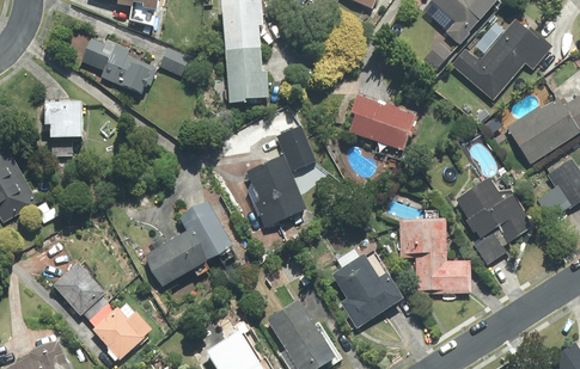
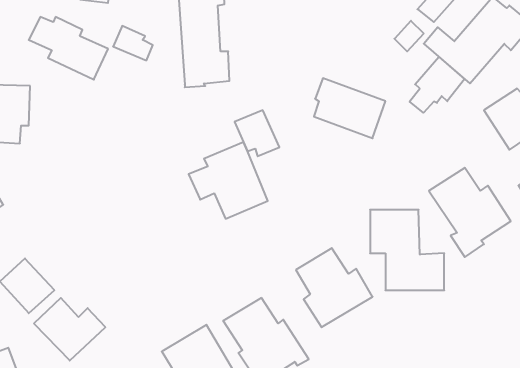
building: none -> [410,57,464,113]
building: [144,202,233,288] -> none

